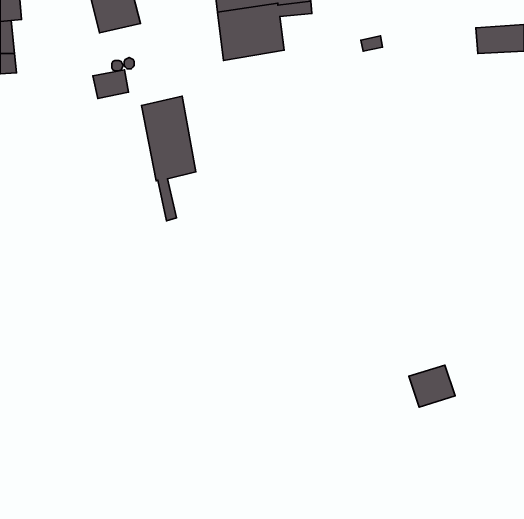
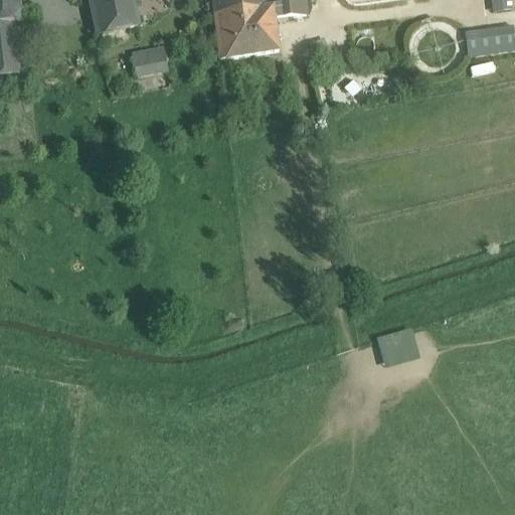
building: [93,70,129,98] -> [132,46,167,74]
building: [142,96,196,221] -> none
building: [409,365,455,407] -> [378,324,423,365]

